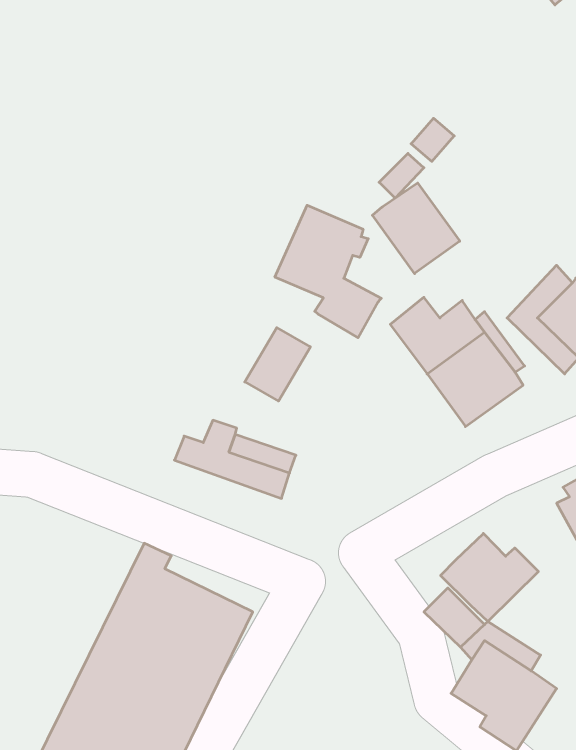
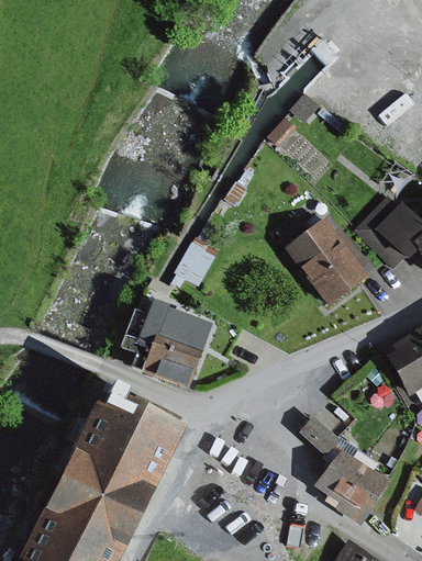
building: [372,183,460,274] -> none
building: [275,205,381,338] -> none
building: none -> [120,327,200,389]
building: [441,533,538,621] -> none

